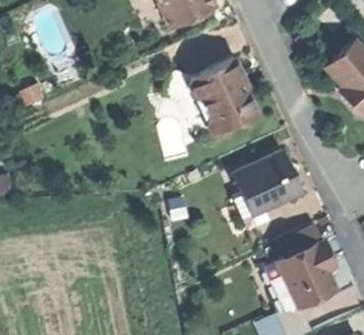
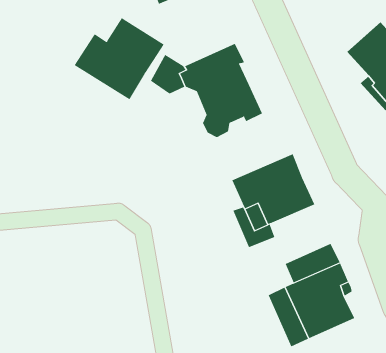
building: none -> [74,17,164,100]

